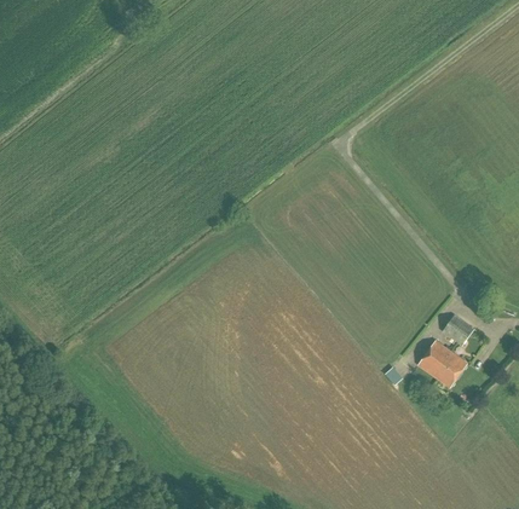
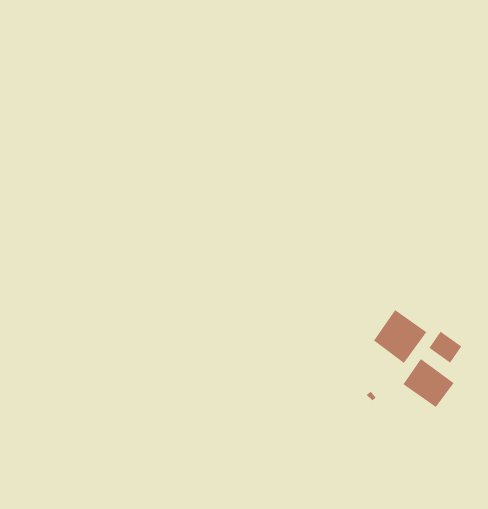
building: none -> [373,309,427,364]

